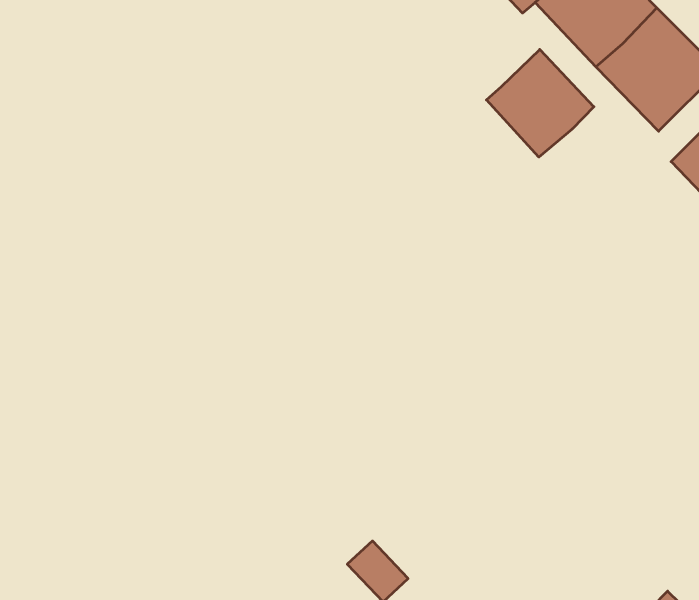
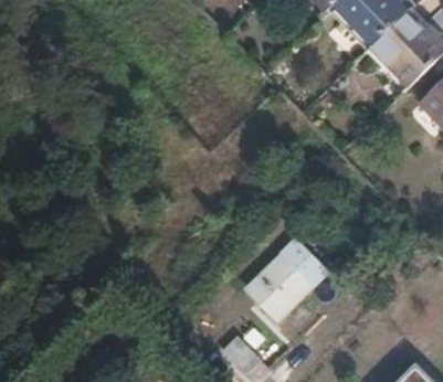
building: [486,49,594,157] -> none
building: none -> [242,238,324,318]

